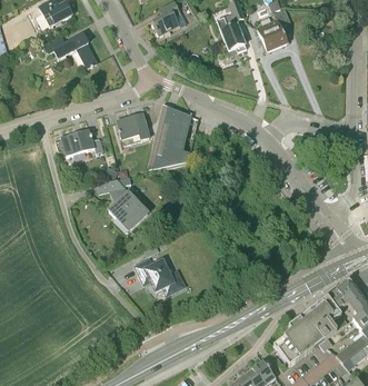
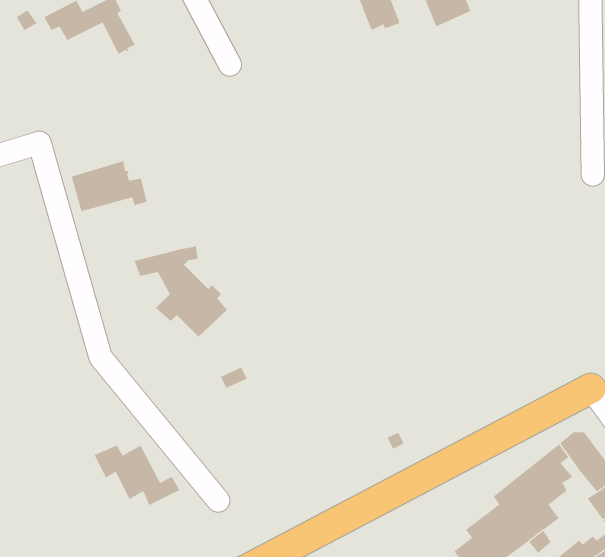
building: [147,105,192,171] -> none
building: [117,112,150,143] -> none
building: [136,259,185,294] -> [94,445,180,506]

